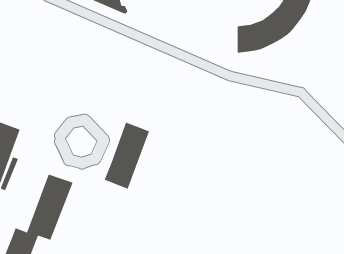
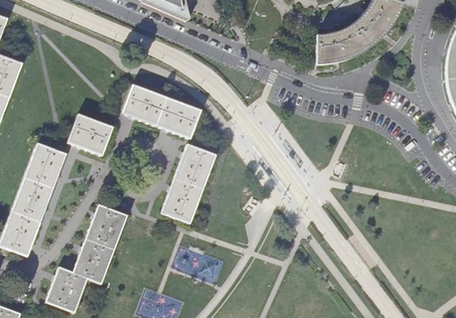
building: none -> [123,86,200,138]
building: none -> [68,115,112,155]

